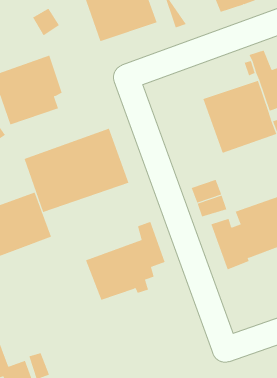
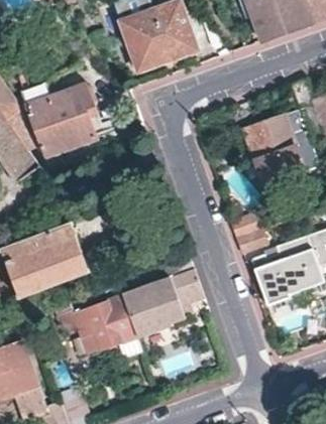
building: [24,128,129,213] -> none
building: none -> [57,296,142,358]

